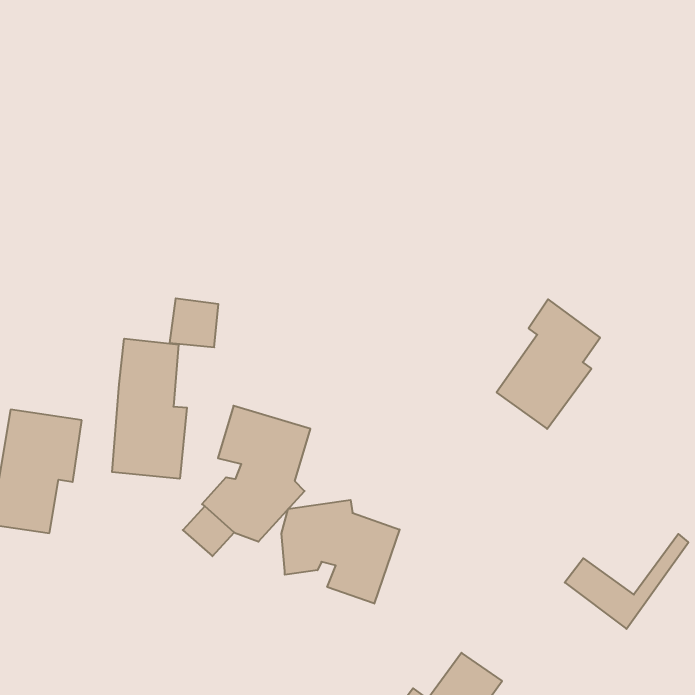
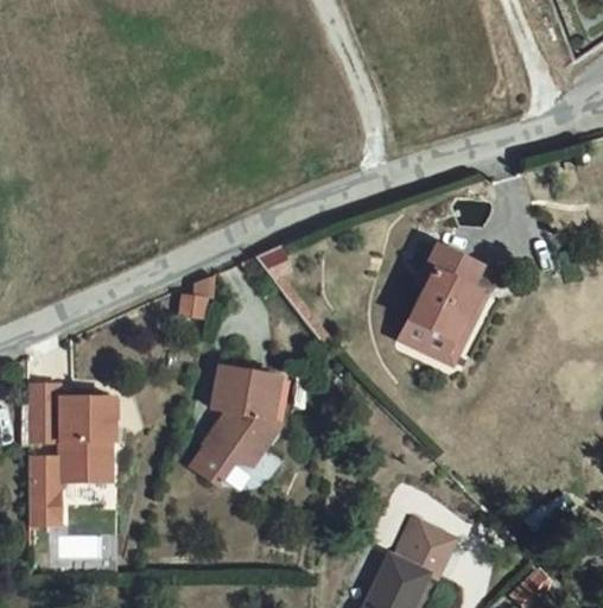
building: [112,339,187,479] -> none
building: [282,500,400,604] -> none
building: [565,534,688,629] -> [402,293,488,369]

